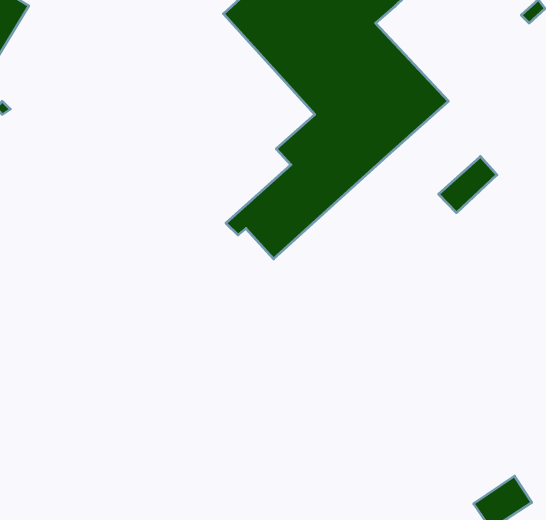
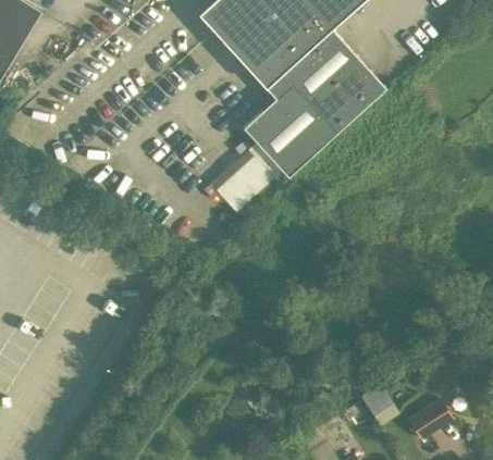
building: [439,156,497,213] -> none
building: none -> [363,388,398,425]

